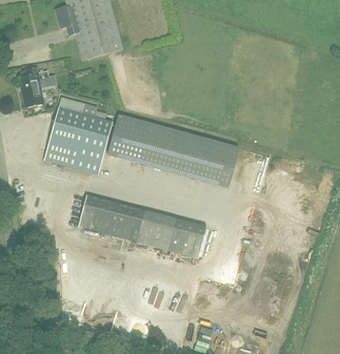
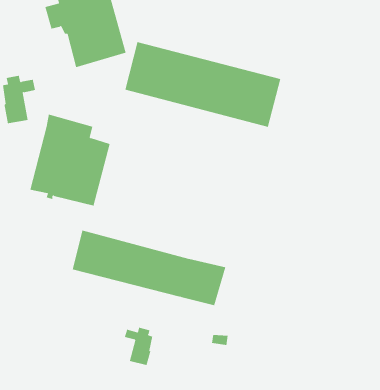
building: [106,115,237,186] -> [124,41,281,127]
building: none -> [124,327,153,366]

